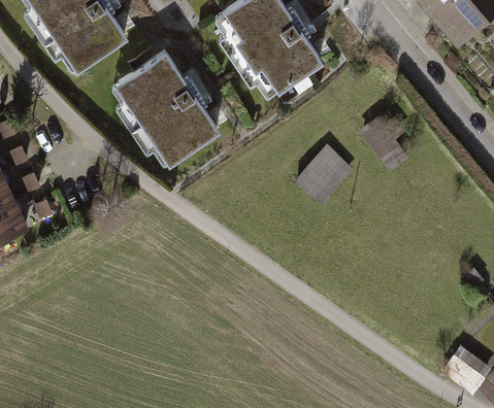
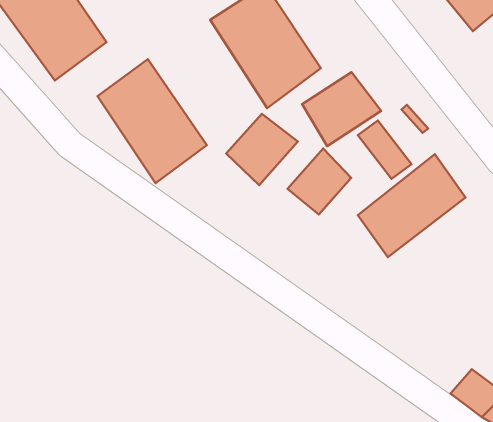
building: none -> [302,72,381,146]
building: none -> [226,114,298,185]
building: none -> [358,154,466,257]

